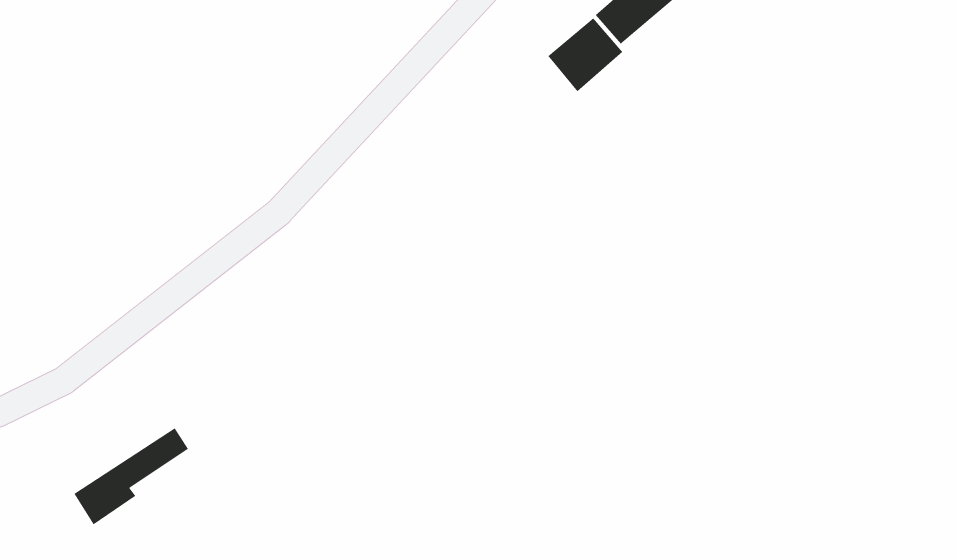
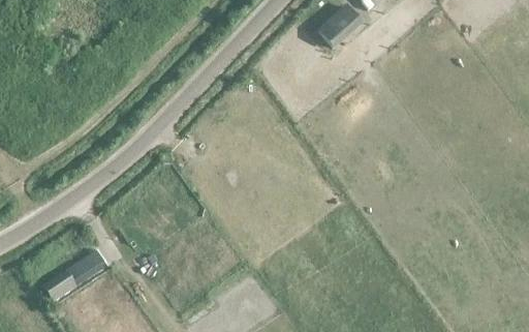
building: [548,18,623,92] -> none

